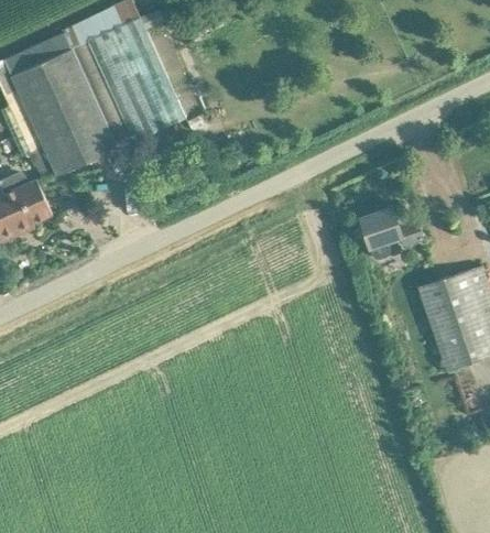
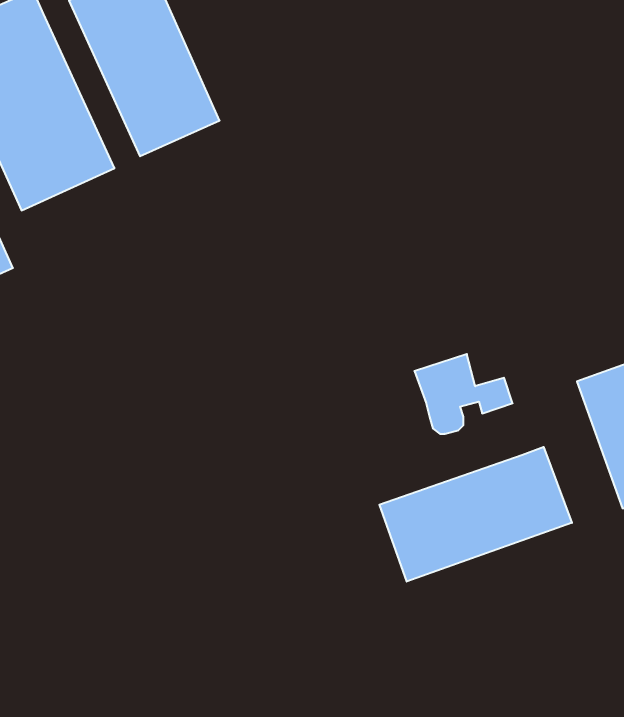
building: [359,207,423,259] -> [414,354,513,434]
building: none -> [379,447,572,582]

